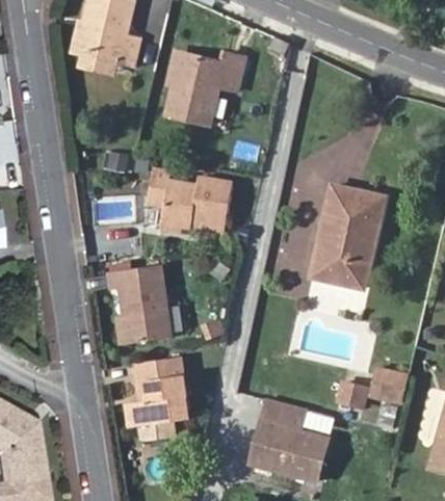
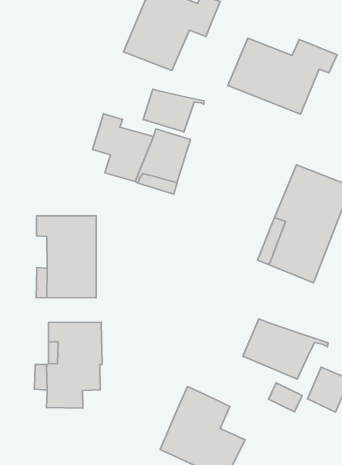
building: none -> [228,38,337,114]
building: none -> [143,89,204,132]
building: none -> [243,319,328,379]

